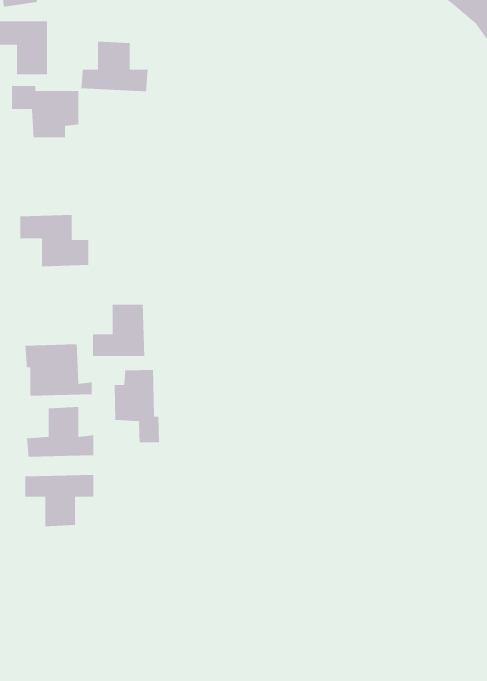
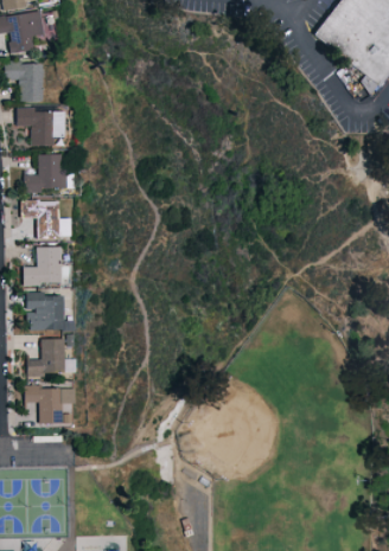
building: [81,41,149,92] -> [25,153,74,190]
building: [92,304,145,357] -> [21,245,59,283]
building: [114,369,160,443] -> none

